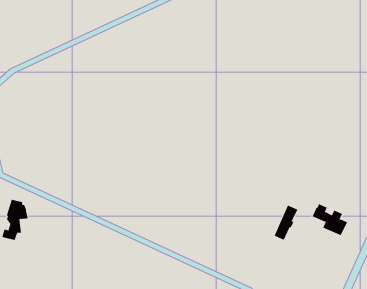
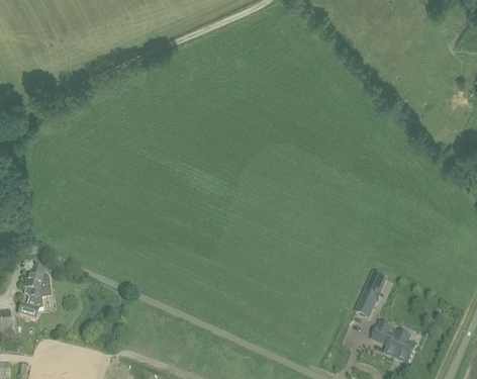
building: [312,203,348,236] -> [371,319,415,360]

